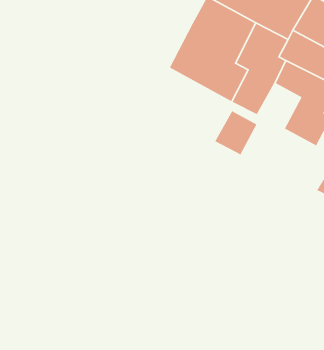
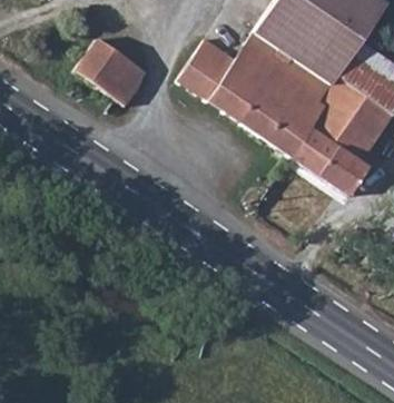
building: none -> [178,38,237,100]
building: none -> [76,38,147,106]
building: [214,110,257,155] -> [294,127,339,174]

